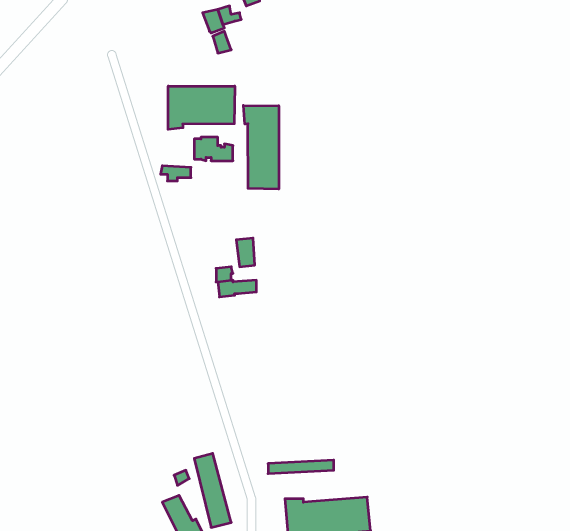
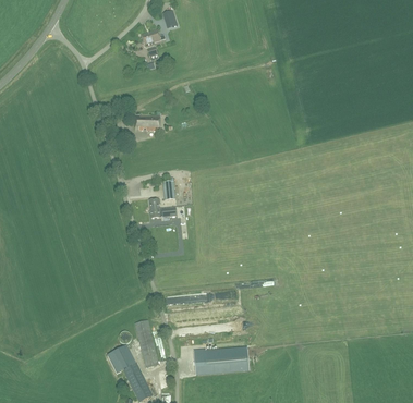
building: [168,86,235,129] -> none
building: [243,105,279,189] -> none

